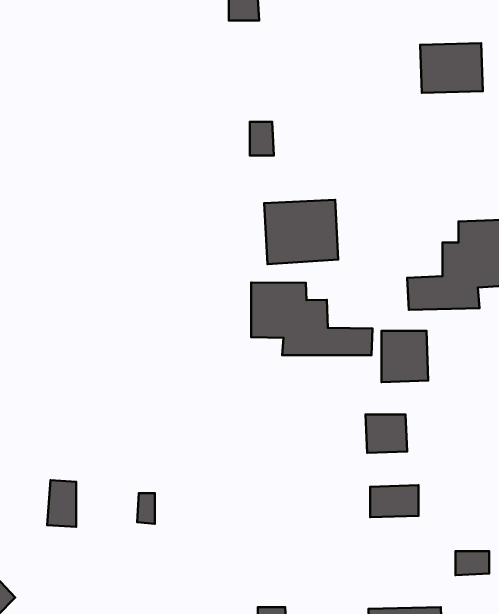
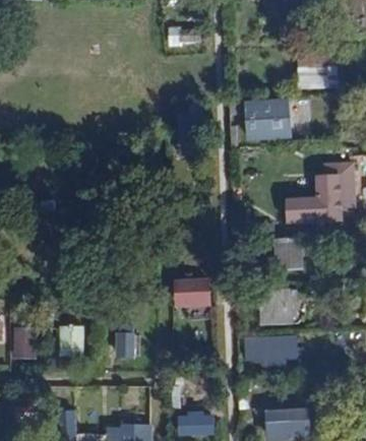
building: [264,200,338,264] -> [247,101,294,141]
building: [251,282,372,355] -> none
building: none -> [176,282,210,310]

